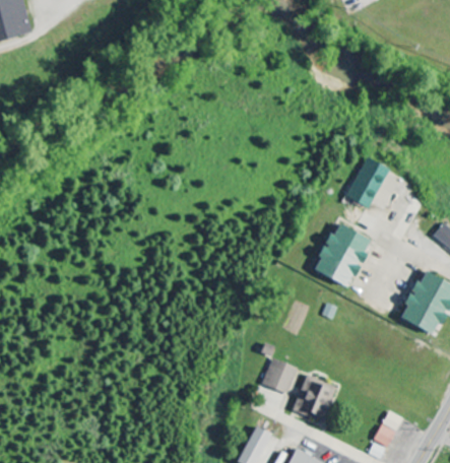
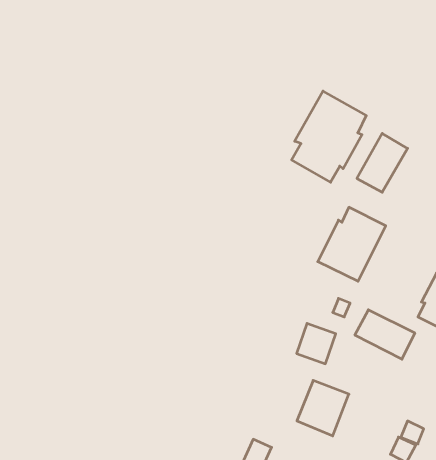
building: none -> [292,91,366,182]
building: none -> [355,310,415,359]
building: [263,358,298,394] -> [297,323,336,364]

